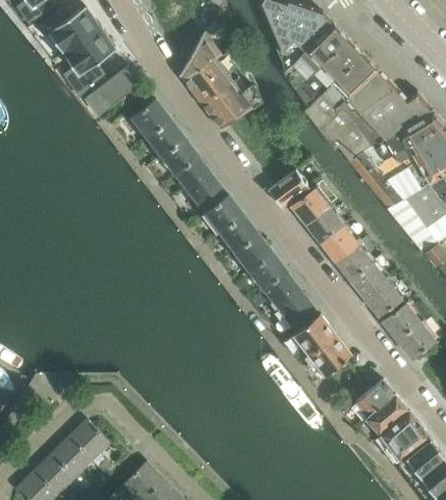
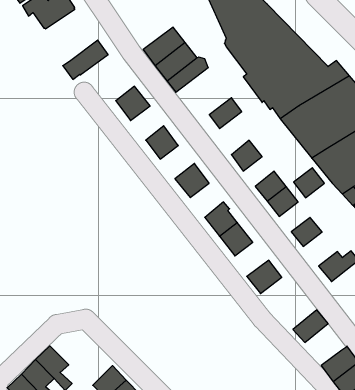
building: [63,28,114,89] -> none
building: [181,31,218,77] -> none
building: [130,98,172,139] -> none
building: [166,146,207,187] -> none
building: [267,169,307,207] -> [209,98,242,129]
building: [203,193,244,234] -> none
building: [304,207,341,243] -> none
building: [239,239,280,281] -> none
building: [347,262,385,298] -> [294,168,324,198]
building: [379,302,418,340] -> none
building: [292,312,335,352] -> none
building: [339,378,393,426] -> none
building: [378,410,429,458] -> none
building: [69,419,112,473] -> none

